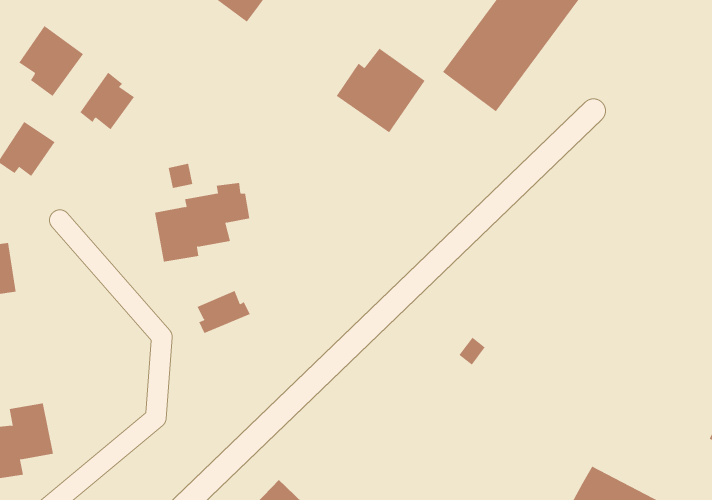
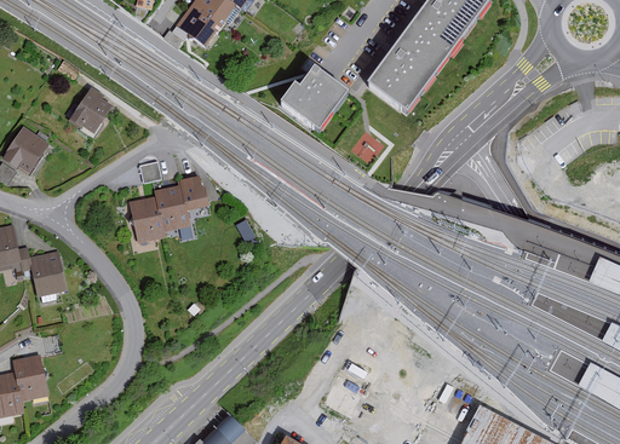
building: [18,25,84,97] -> none
building: none -> [19,248,65,296]
building: [197,290,251,334] -> none

